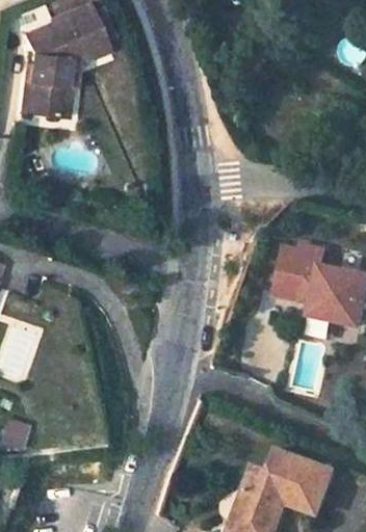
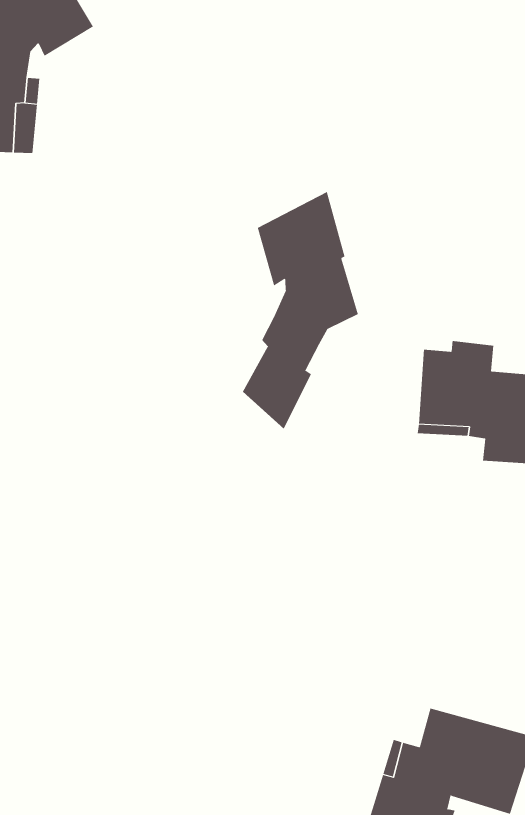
building: none -> [242,191,358,429]

